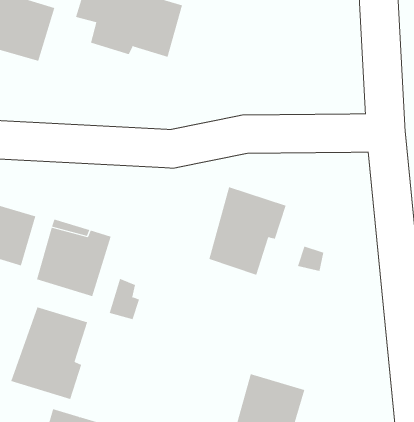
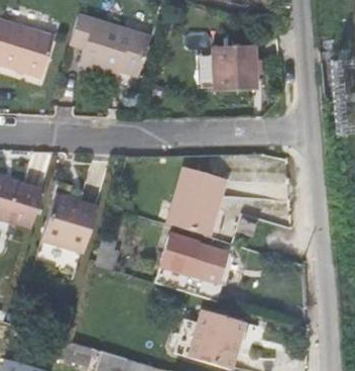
building: none -> [215,43,259,91]
building: none -> [154,235,236,301]
building: [11,307,88,400] -> none

